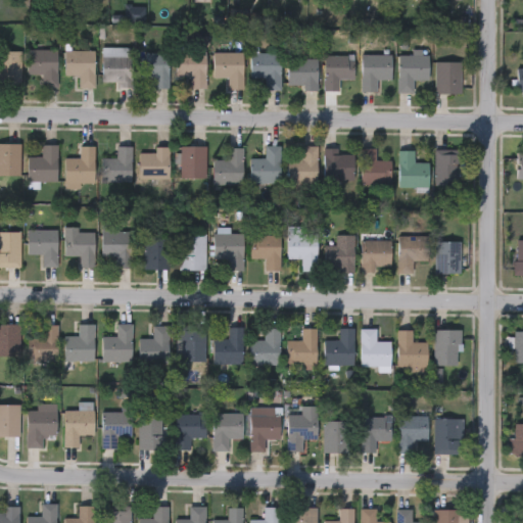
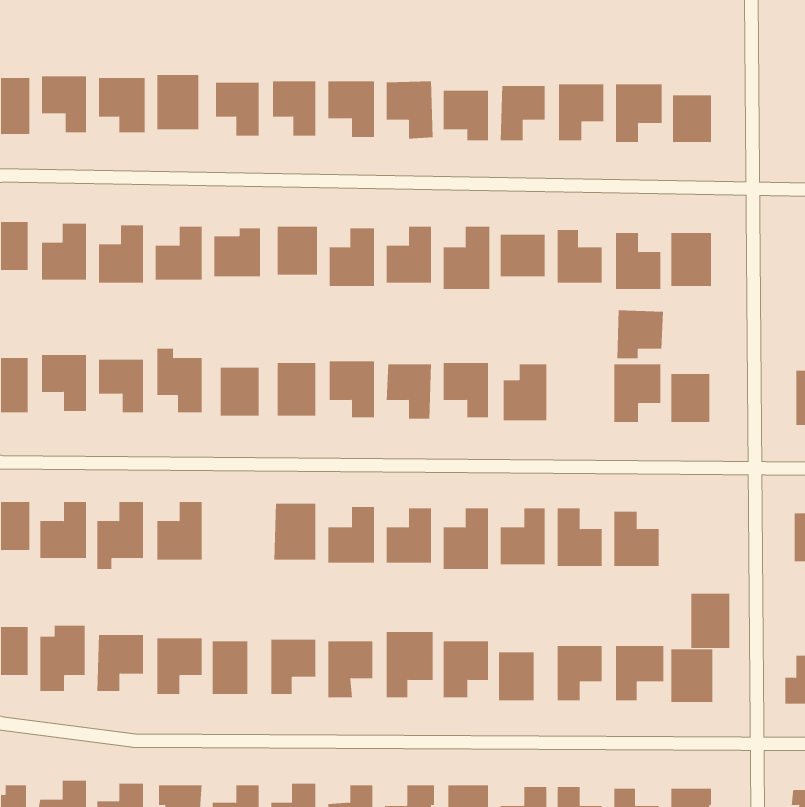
building: [362,240,392,272] -> [616,310,664,359]
building: [140,327,171,365] -> none
building: [435,331,461,367] -> [690,593,730,649]

